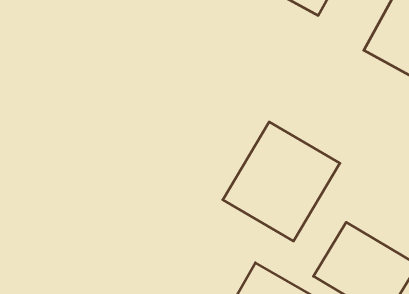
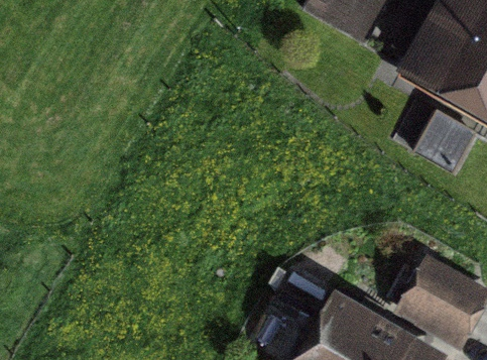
building: [223,122,340,241] -> none

